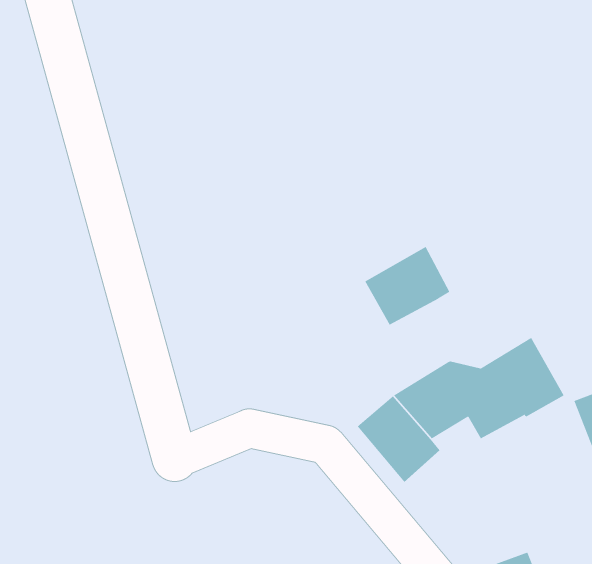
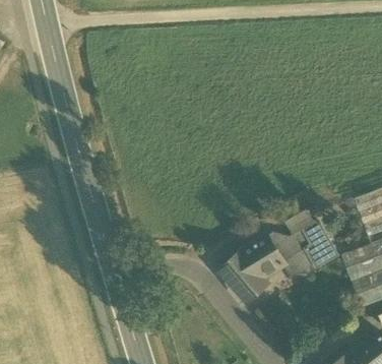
building: [365,246,450,325] -> none

